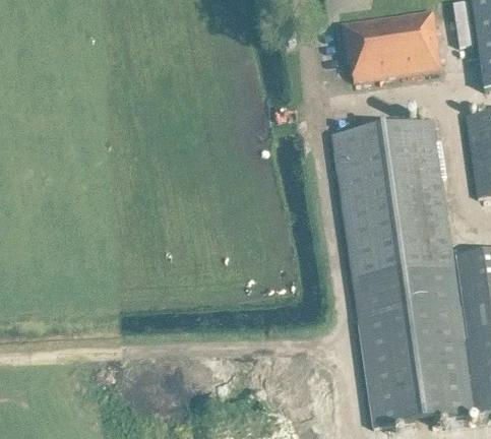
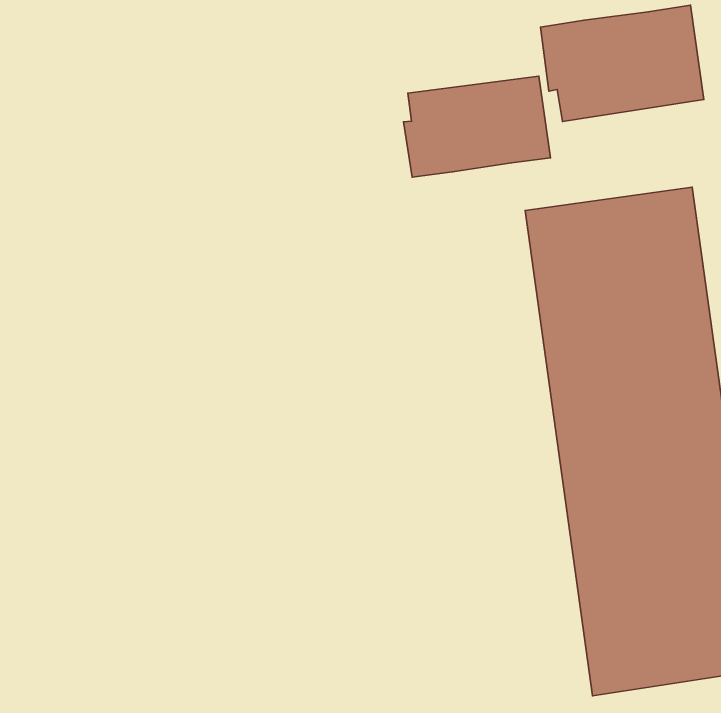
building: none -> [403,76,551,177]

